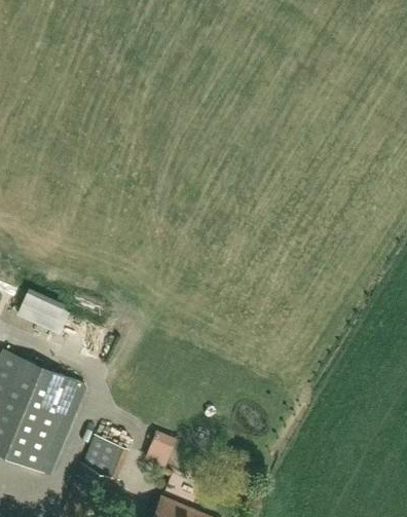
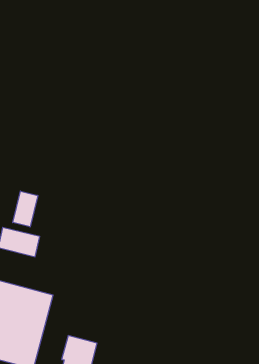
building: none -> [13,191,38,227]
building: [149,429,177,464] -> none

